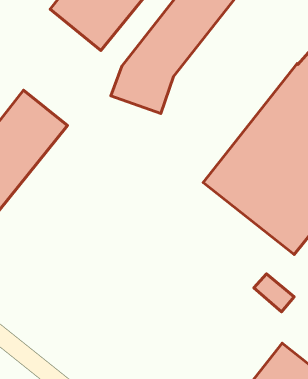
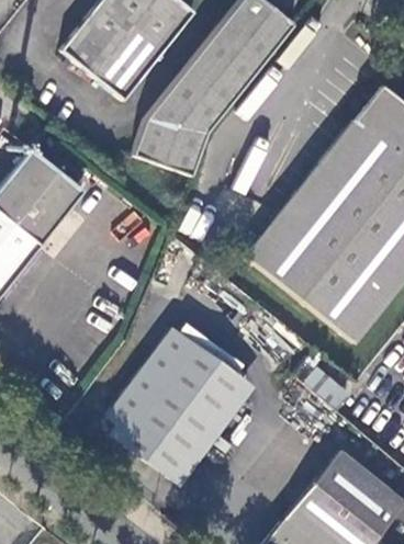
building: none -> [108,321,249,475]

